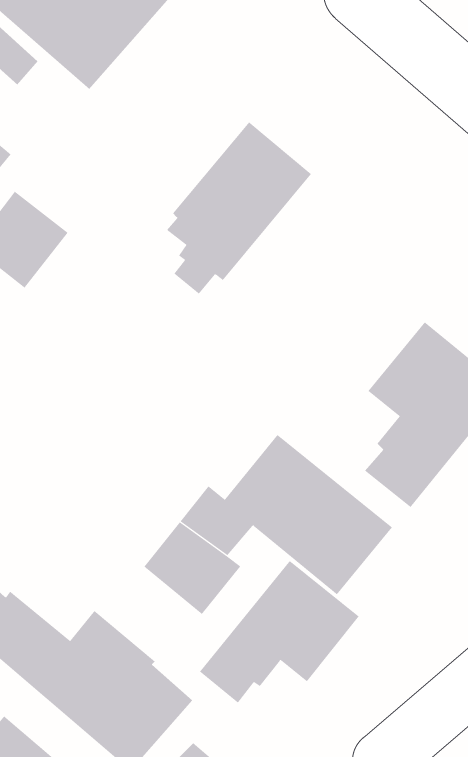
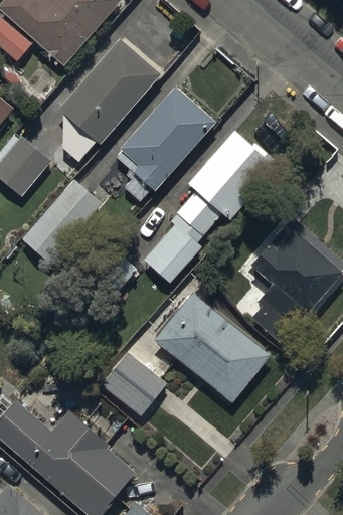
building: none -> [61,38,159,162]
building: none -> [144,129,277,283]
building: none -> [21,178,102,264]
building: [199,560,359,704] -> none

